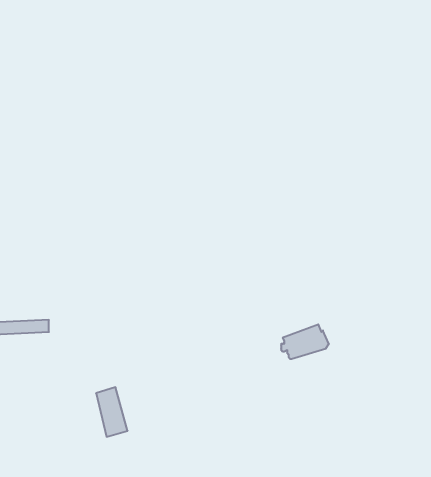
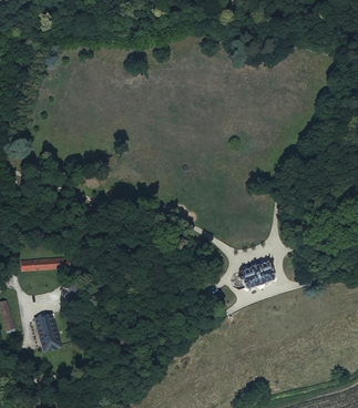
building: [96,387,128,437] -> [34,316,58,353]

